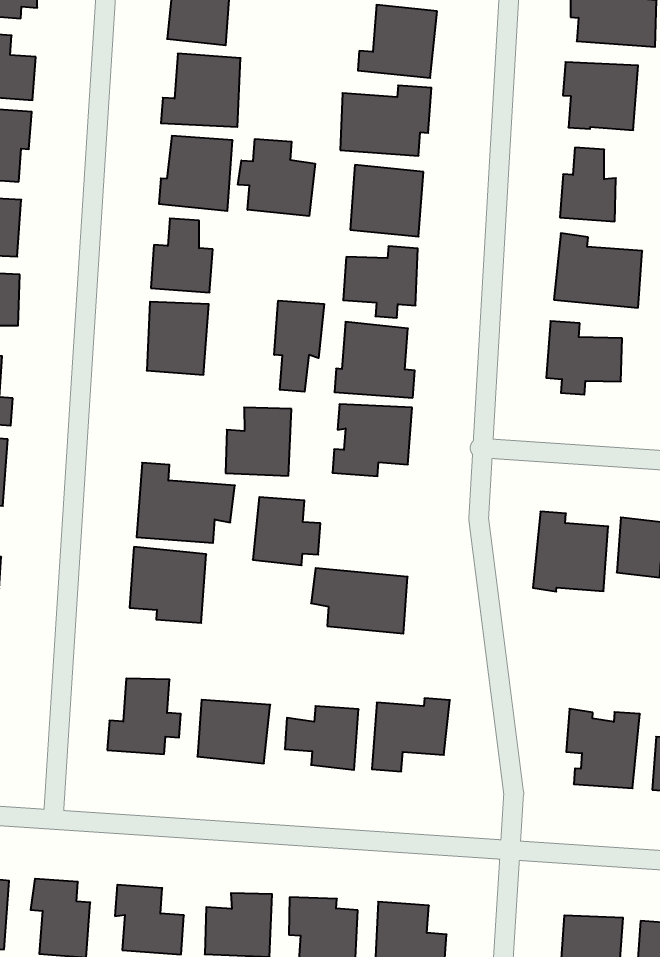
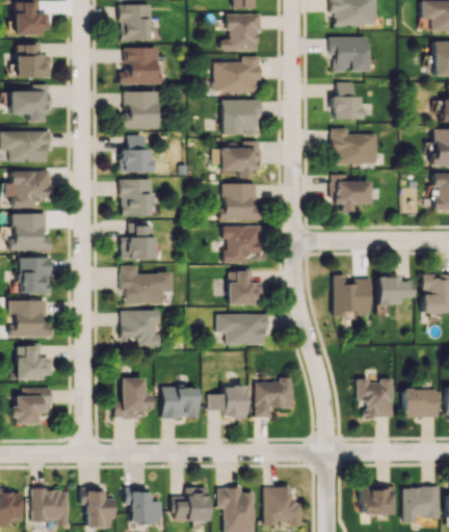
building: [238,139,315,216] -> none
building: [274,301,324,392] -> none
building: [226,407,291,476] -> [121,223,155,260]
building: [253,497,320,565] -> [229,271,263,305]

